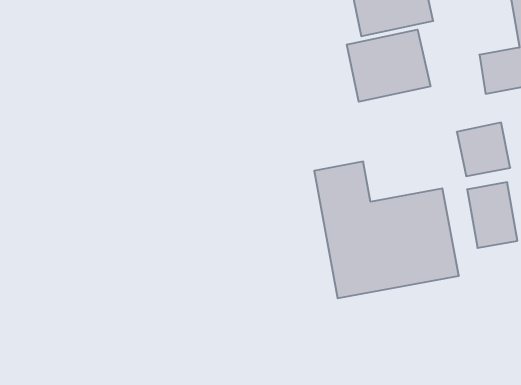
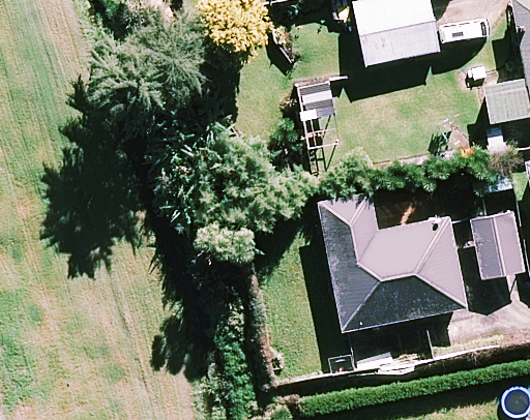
building: [347,30,430,102] -> none

